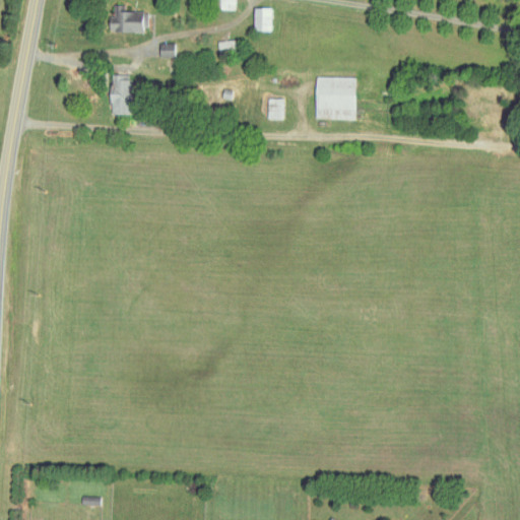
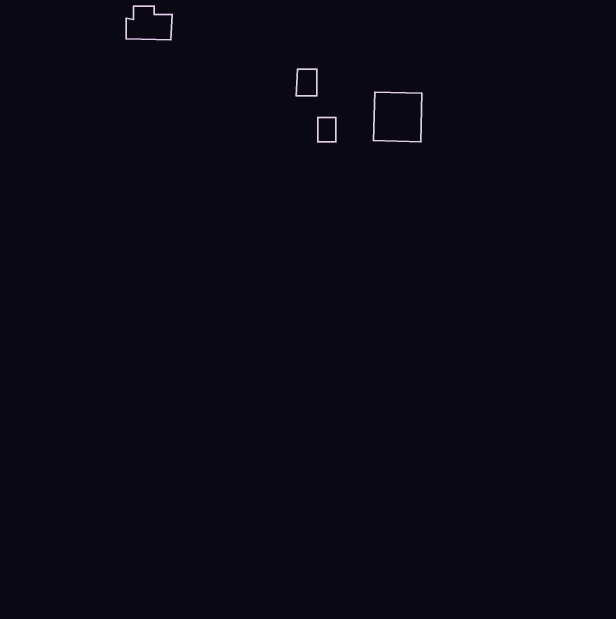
building: [254,8,271,30] -> [296,69,317,96]
building: [111,74,132,115] -> none

